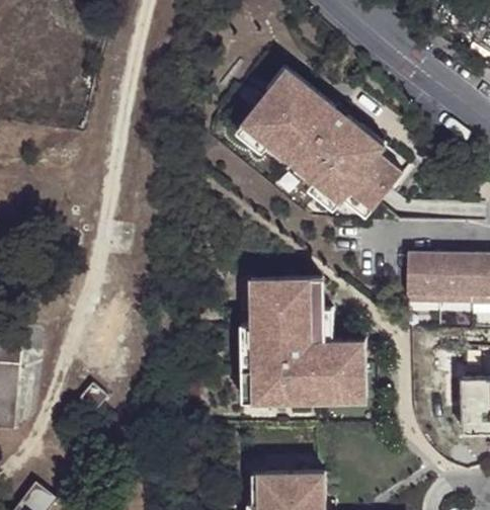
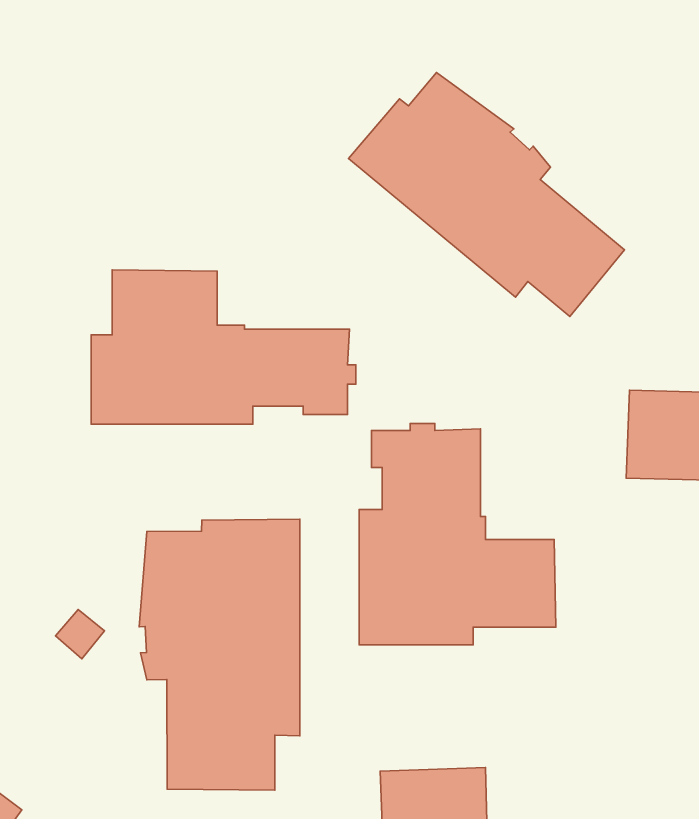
building: none -> [91,270,356,424]
building: none -> [139,519,300,790]

